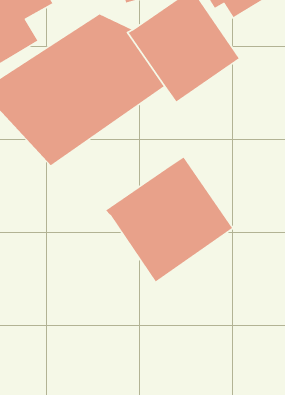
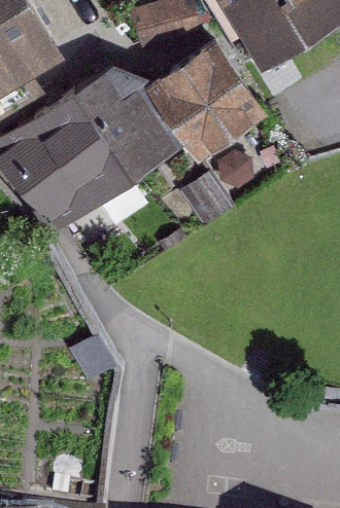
building: [105,156,233,282] -> none

